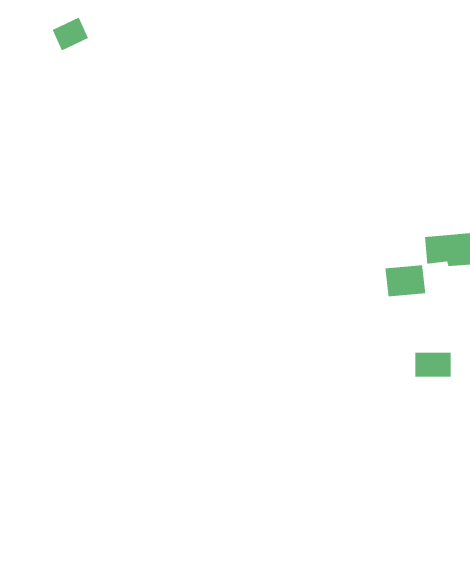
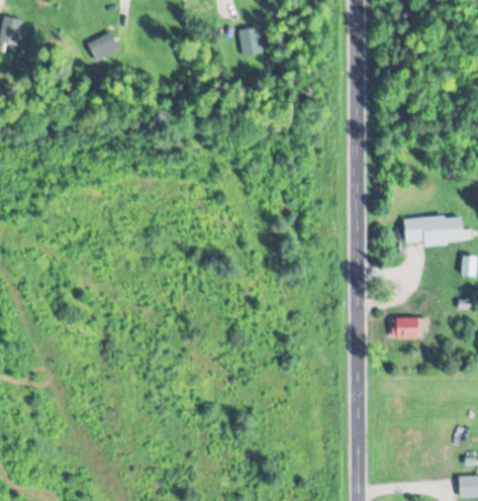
building: none -> [237,26,264,58]
building: [385,264,426,297] -> none

